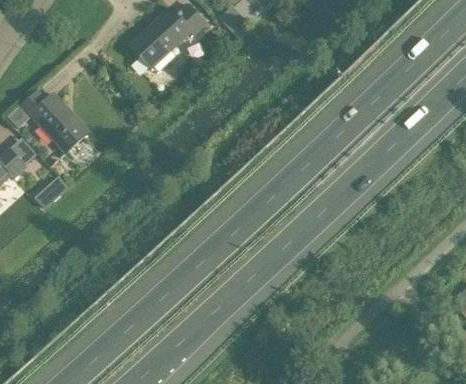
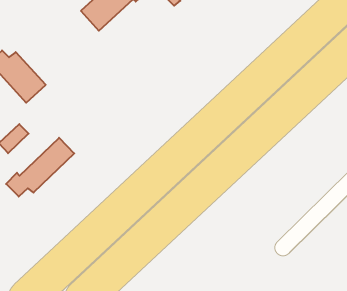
building: none -> [6,138,74,197]

